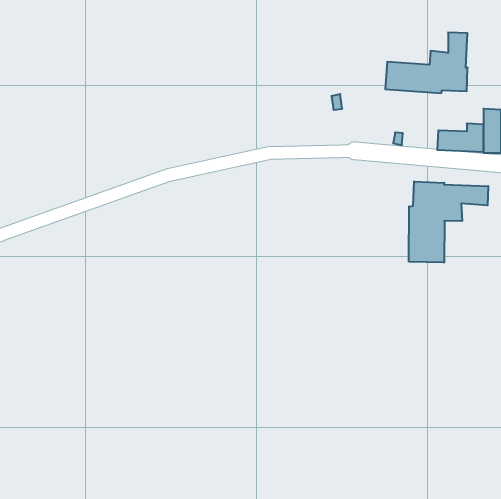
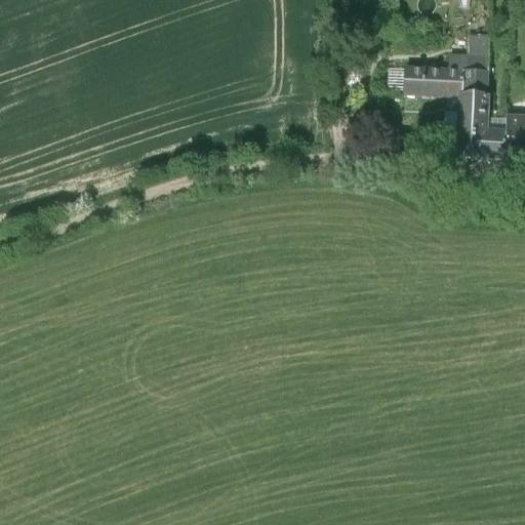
building: none -> [458,94,489,137]
building: [409,181,488,263] -> none

